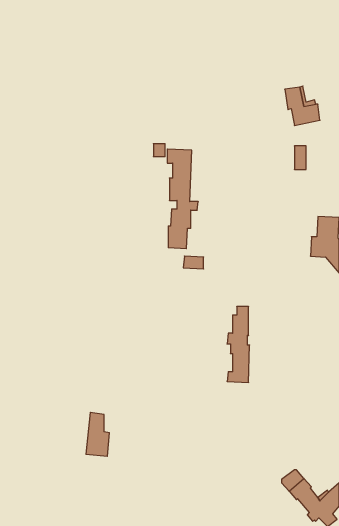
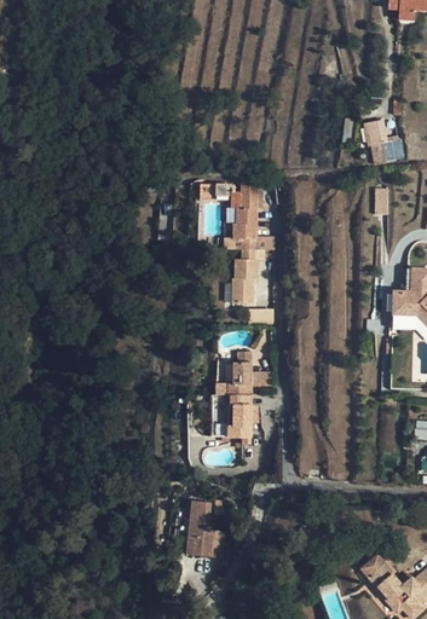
building: [227,307,250,382] -> [226,352,252,438]
building: [86,412,109,456] -> [186,508,213,557]

